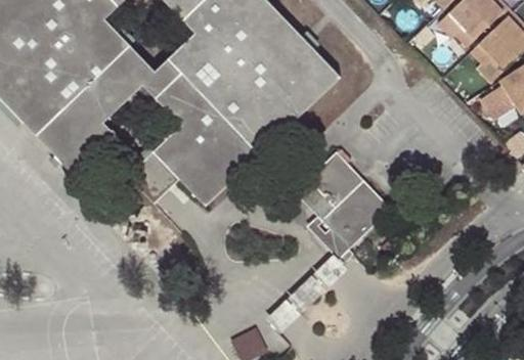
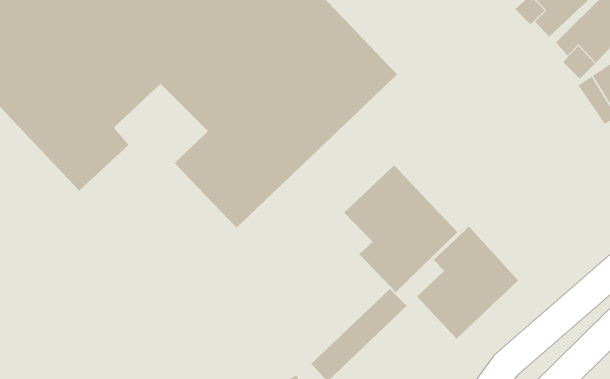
building: none -> [416,225,519,339]

